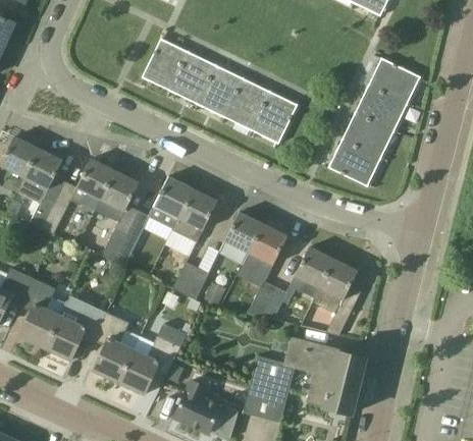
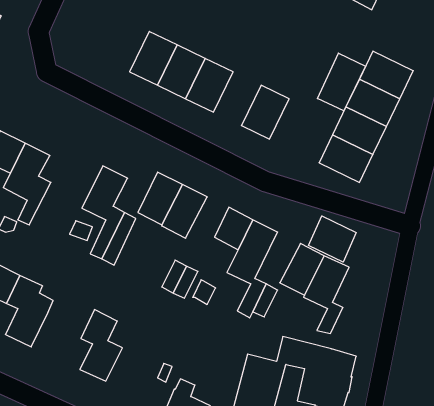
building: none -> [317,53,366,111]
building: [223,77,270,130] -> none
building: [42,158,114,234] -> none
building: none -> [309,216,356,262]
building: [44,301,106,361] -> none
building: [117,323,186,394] -> none

